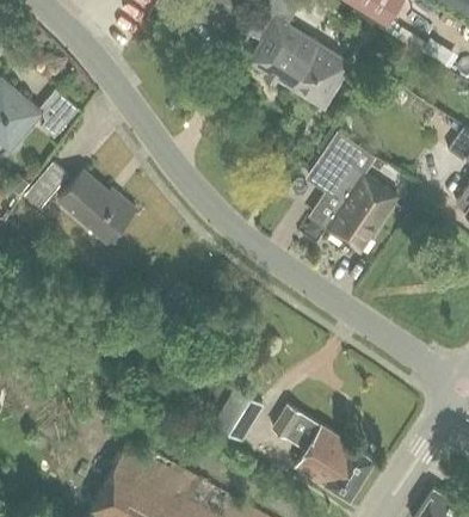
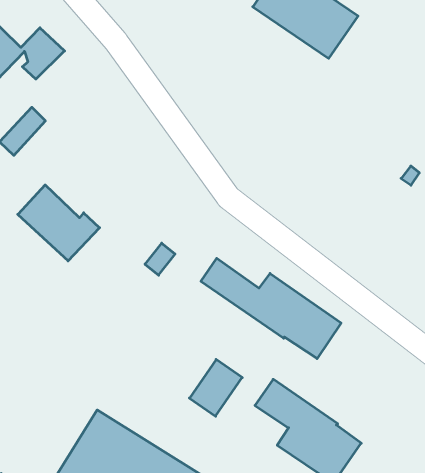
building: [307,133,397,252] -> none
building: [60,172,136,241] -> [18,185,100,261]
building: none -> [201,258,341,359]

